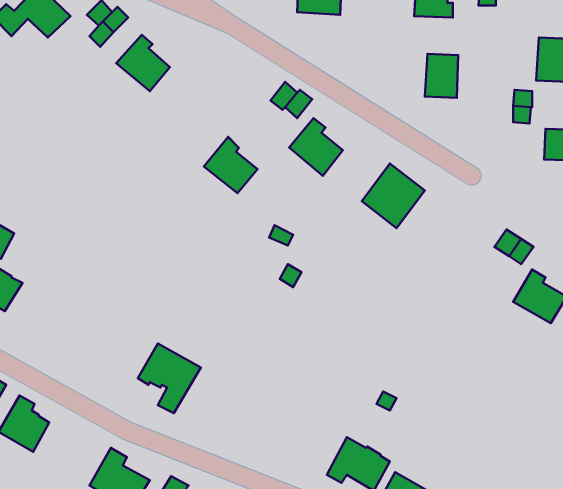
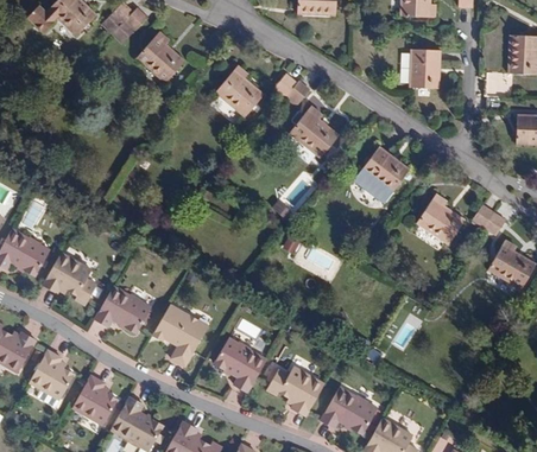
building: [204,137,258,193] -> [215,65,263,115]
building: none -> [416,195,463,242]
building: none -> [45,254,99,303]
building: none -> [96,287,153,335]
building: none -> [215,339,267,393]
building: none -> [270,368,326,416]
building: none -> [74,376,119,426]

